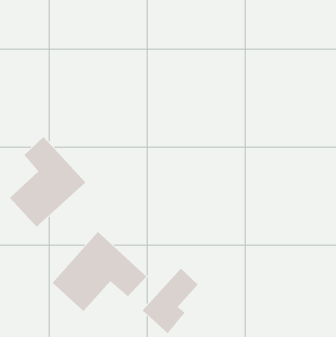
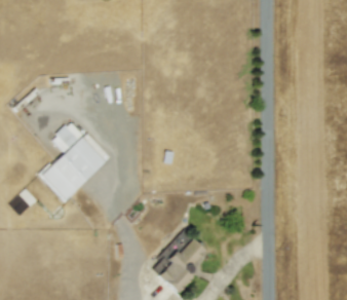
building: [52,231,147,312] -> none

